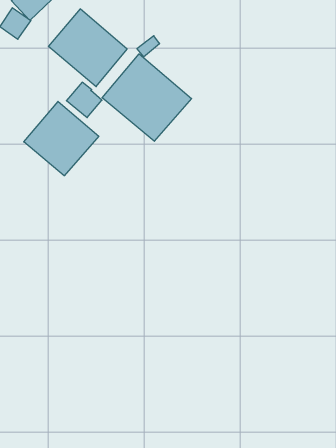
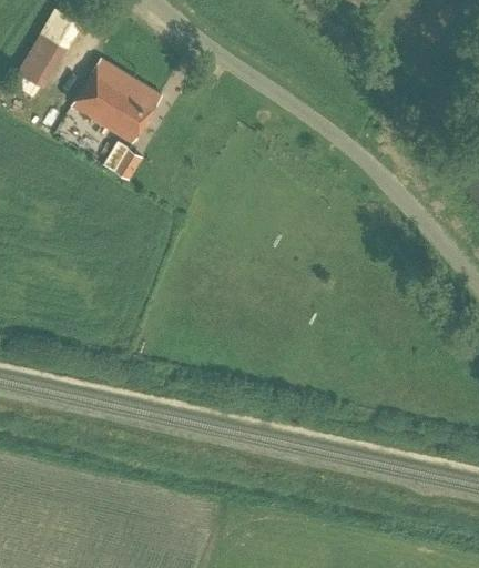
building: [102,54,192,141] -> none
building: [24,101,99,176] -> none

